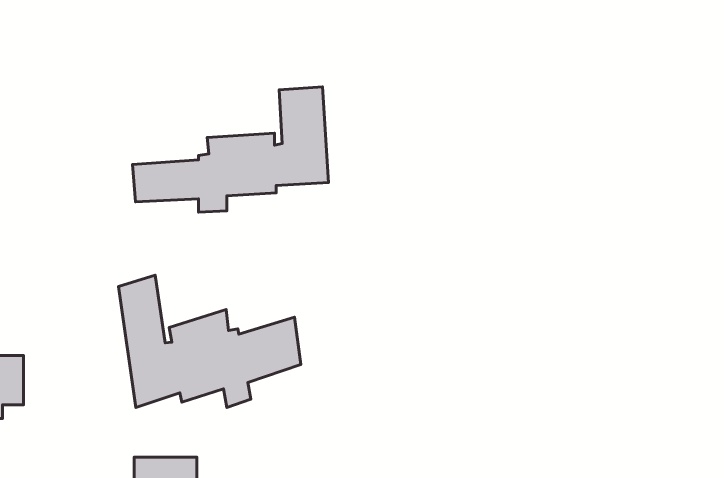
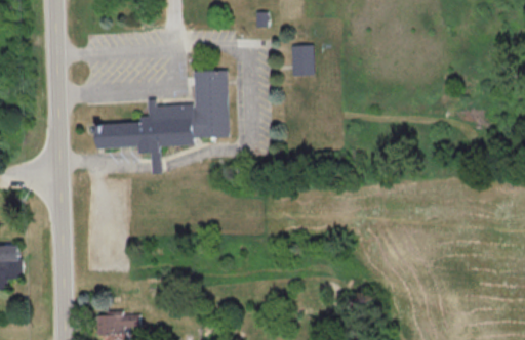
building: none -> [290,50,313,80]
building: [119,275,301,407] -> none

